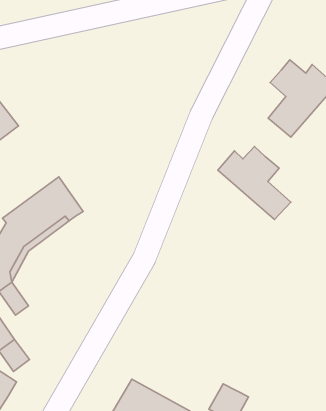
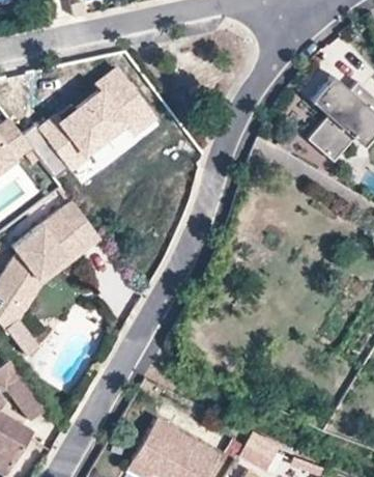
building: none -> [39,66,173,193]
building: [218,147,291,220] -> none

